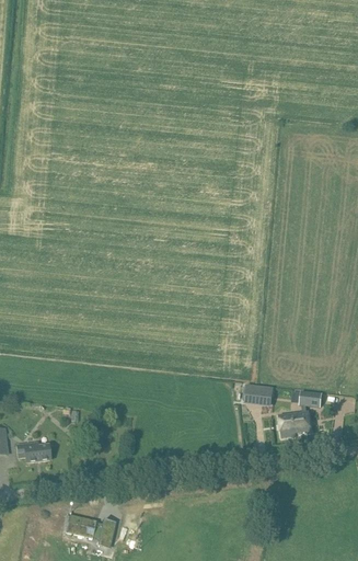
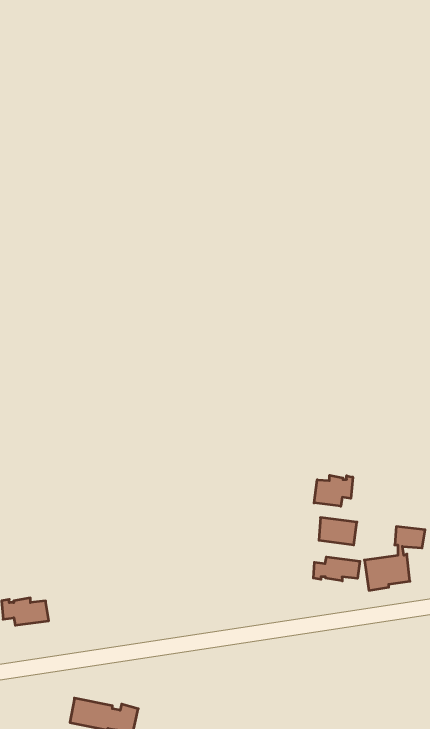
building: none -> [314,475,353,506]
building: none -> [313,557,360,581]

